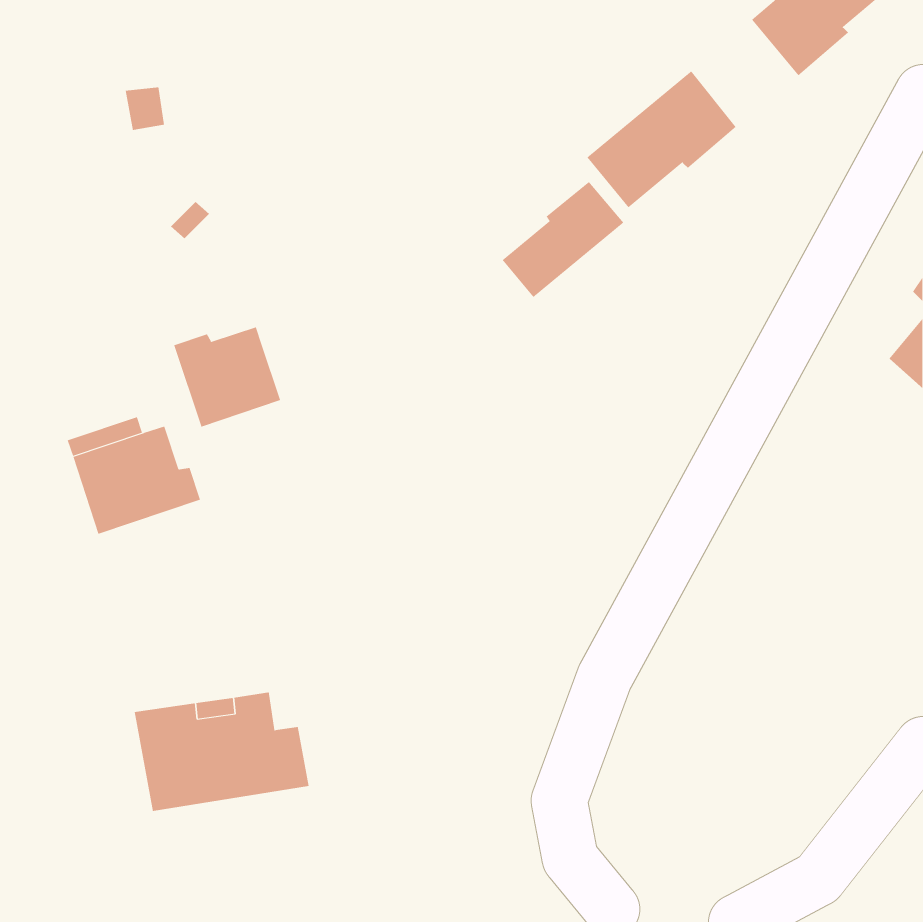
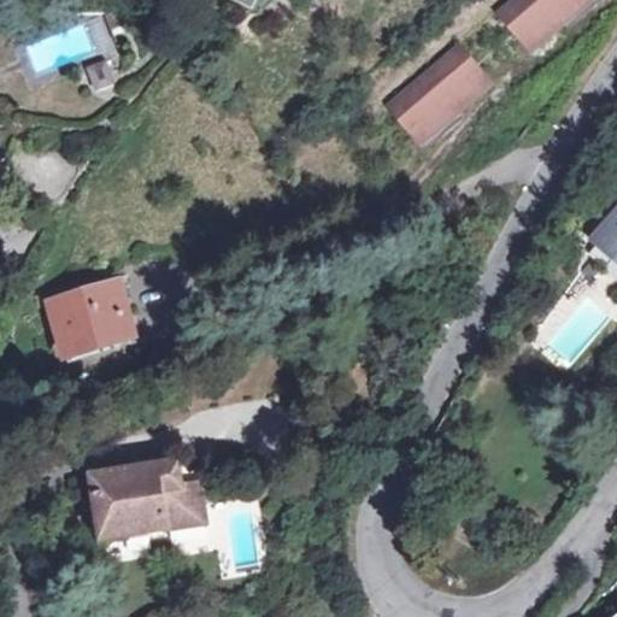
building: [502,181,624,298] -> none
building: [174,326,281,428] -> none

